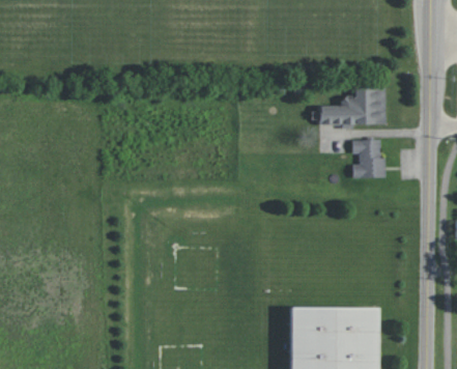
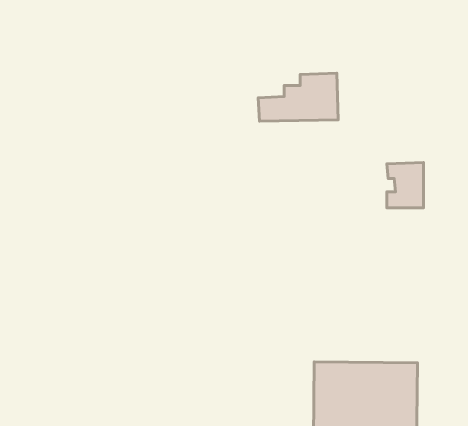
building: [319,85,387,125] -> [258,73,338,121]

